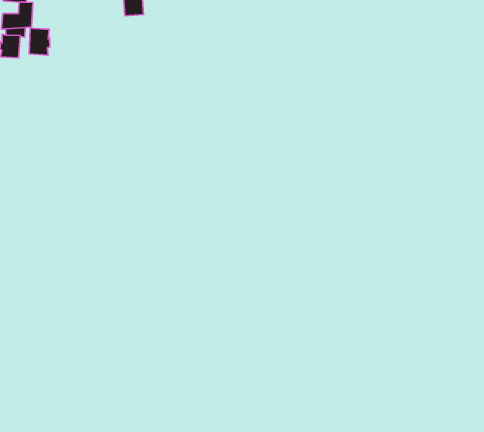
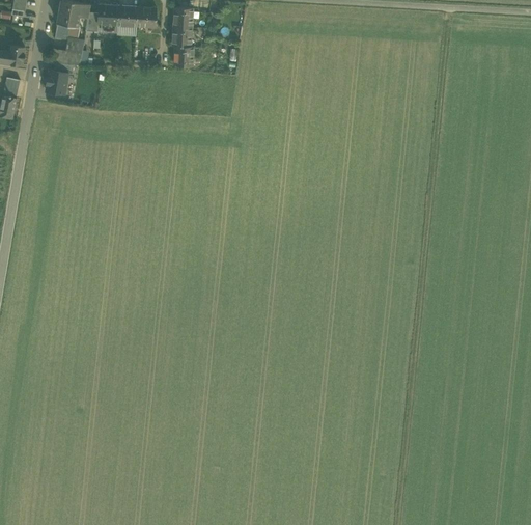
building: [29,28,50,55] -> none

